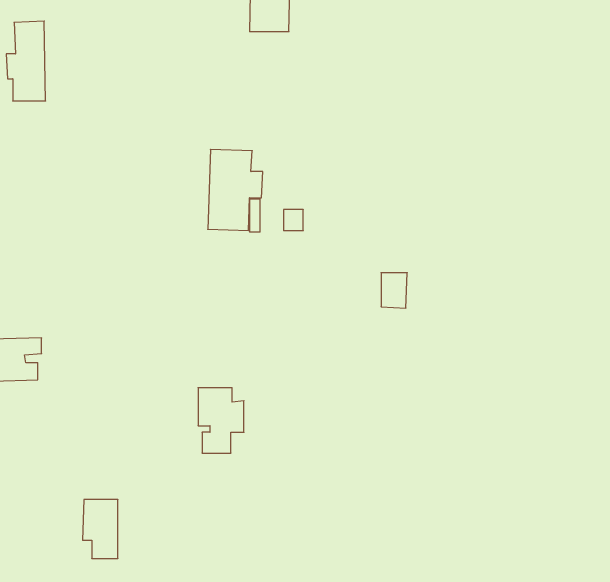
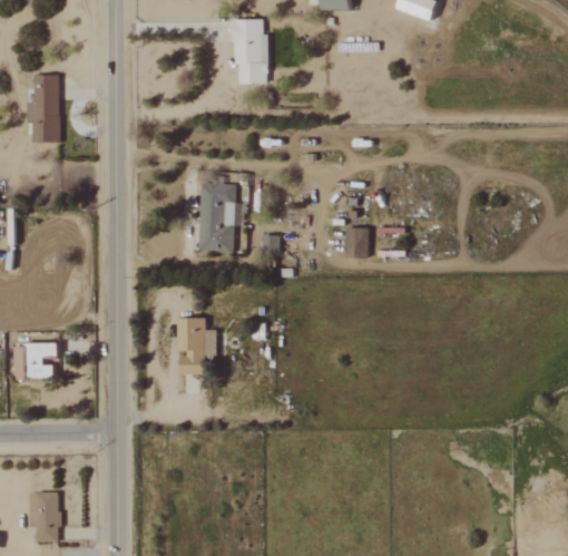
building: [381,273,407,308] -> [346,227,369,257]
building: [198,388,244,453] -> [177,318,216,373]
building: [83,500,118,558] -> [29,491,59,542]

